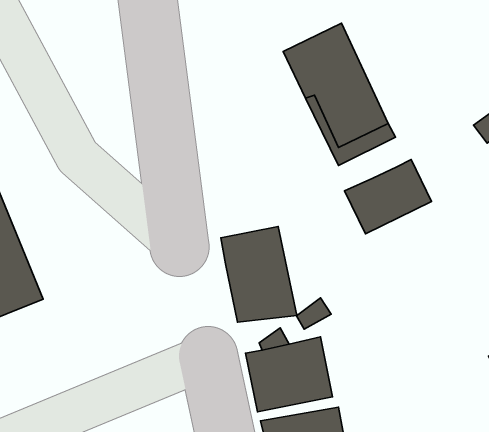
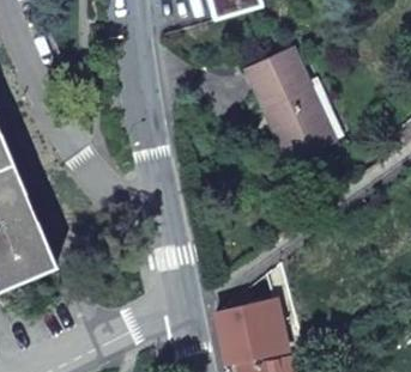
building: [345,160,431,234] -> none
building: [221,226,297,322] -> none

